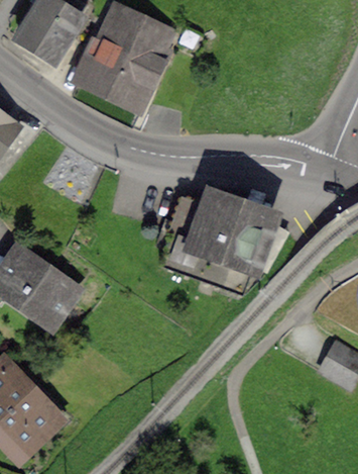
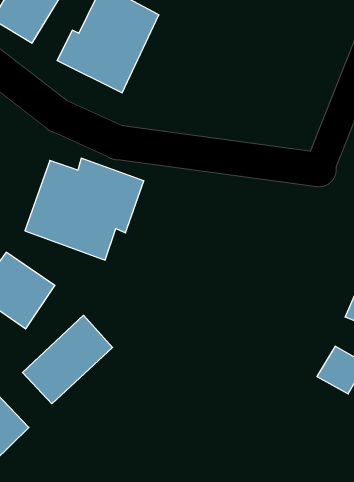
building: [161,195,272,290] -> [25,158,144,260]
building: none -> [22,315,113,404]

